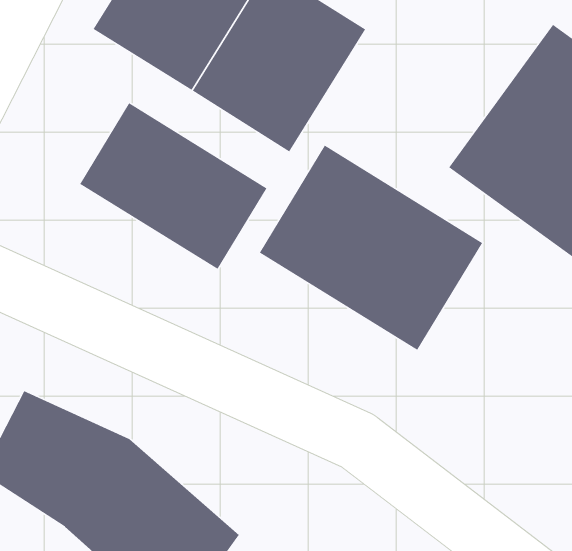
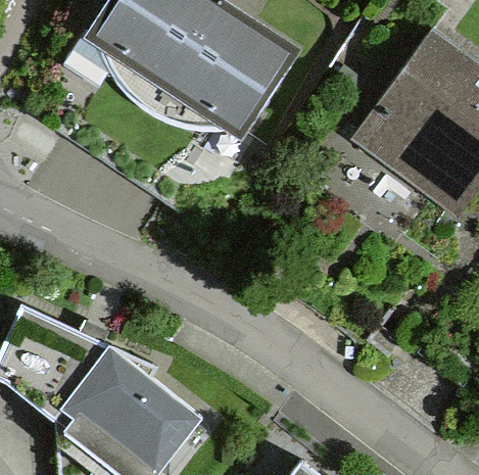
building: [79,102,267,270] -> none
building: [259,145,483,351] -> none

